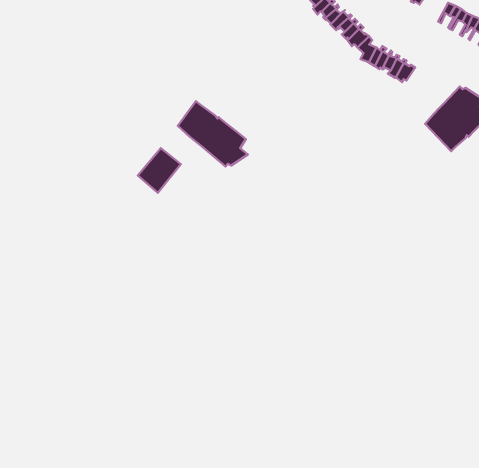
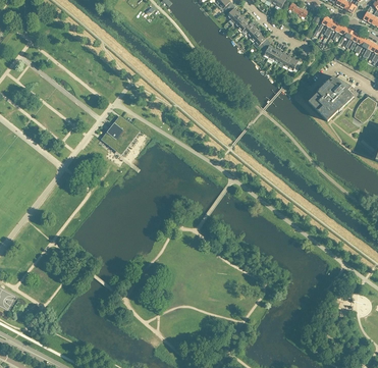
building: [178,101,248,166] -> none

